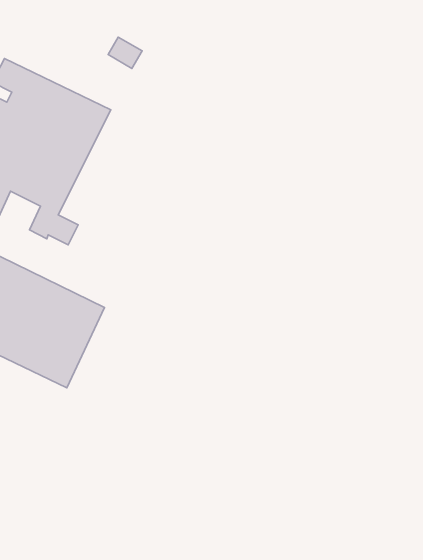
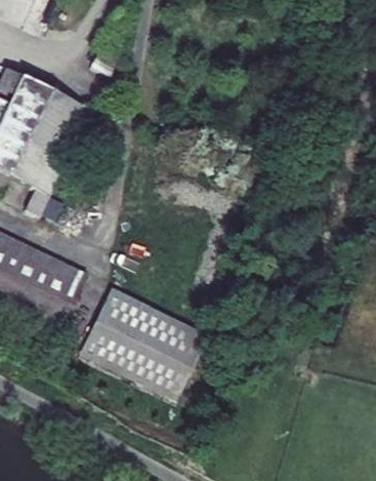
building: none -> [79,285,209,401]

